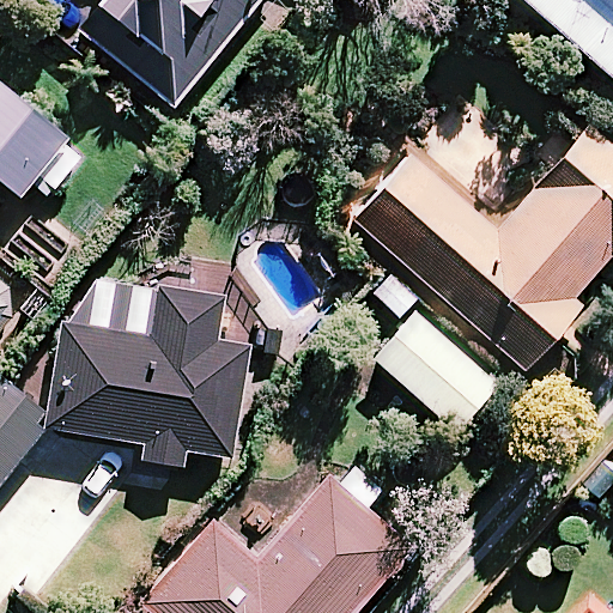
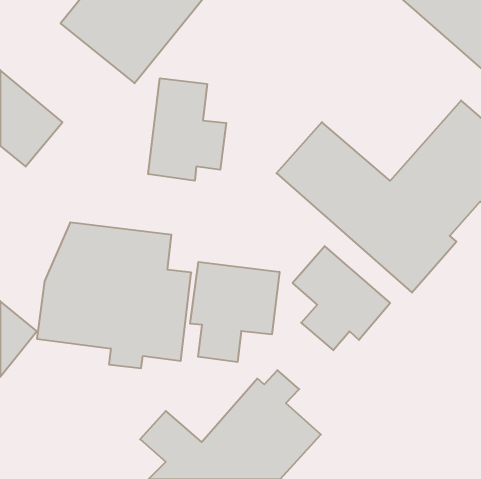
building: none -> [148,78,226,181]
building: none -> [190,262,279,362]

